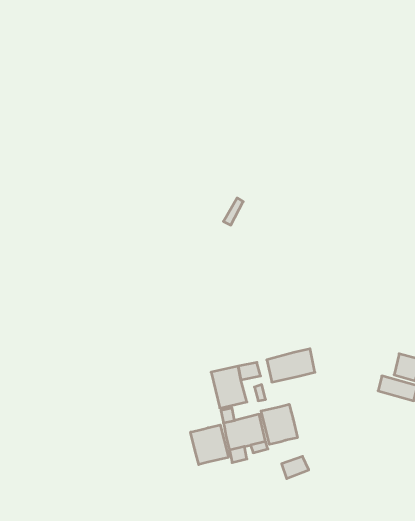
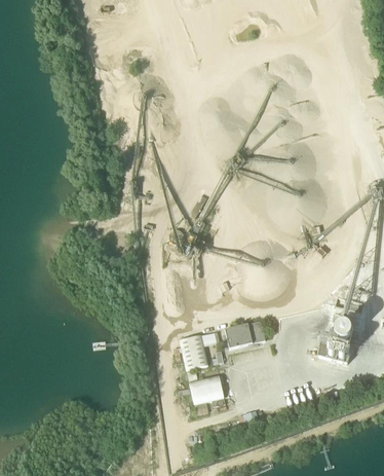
building: [261,404,297,444] -> none
building: [191,425,228,465] -> none

